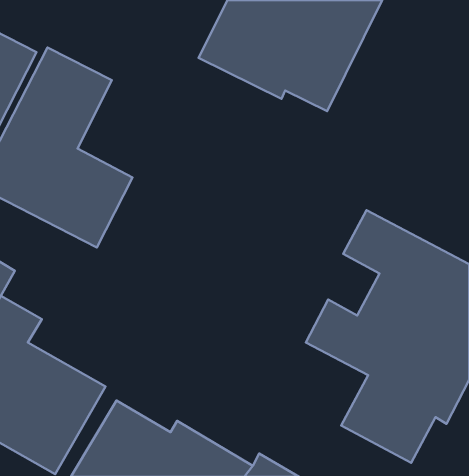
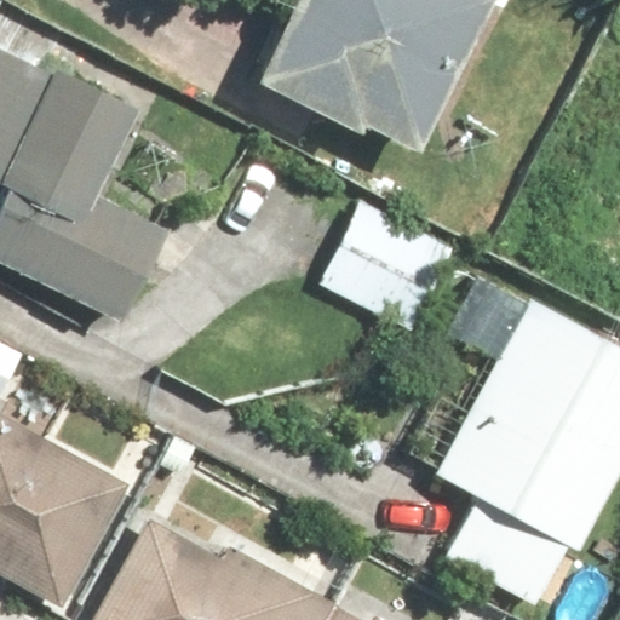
building: none -> [314,197,455,331]

